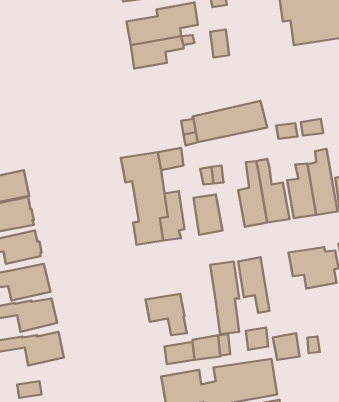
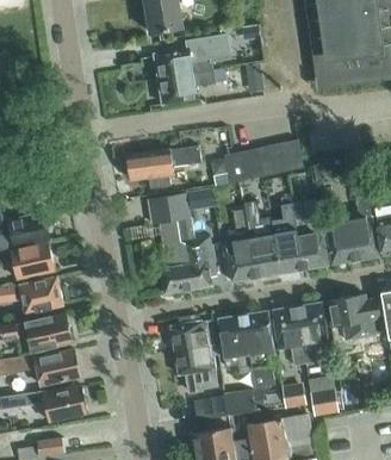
building: none -> [128,145,201,188]
building: none -> [249,234,280,276]
building: none -> [297,302,328,362]
building: none -> [218,313,252,373]
building: none -> [170,319,211,350]

